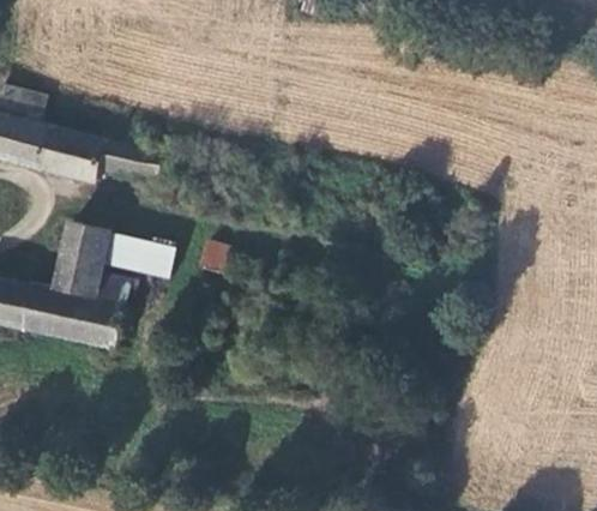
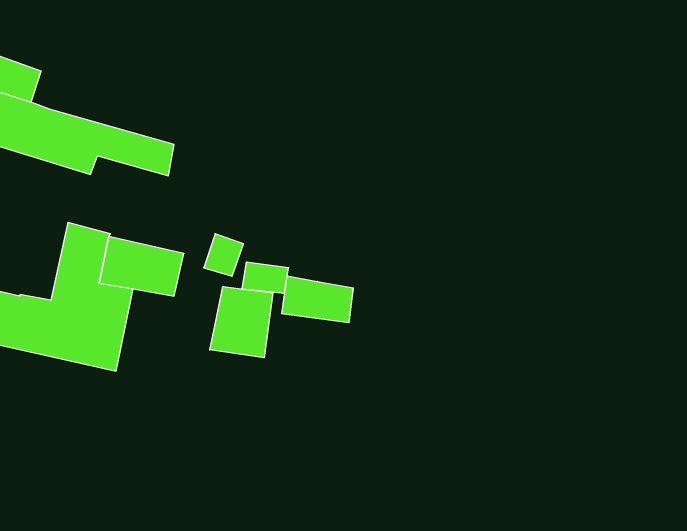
building: none -> [282,276,353,323]
building: none -> [210,287,273,358]

